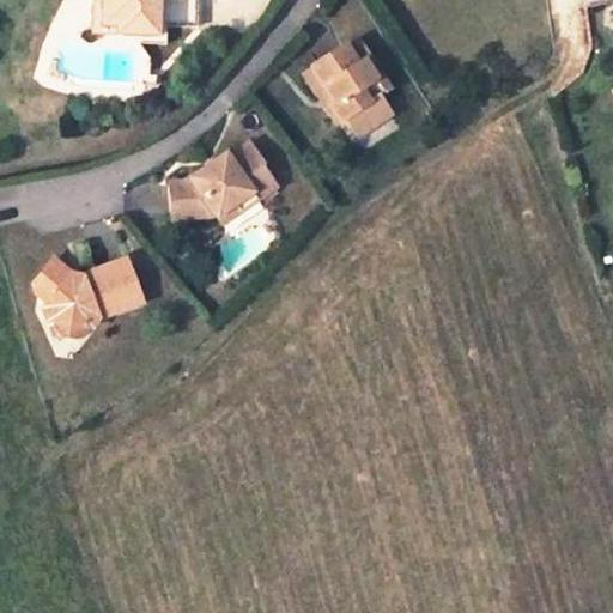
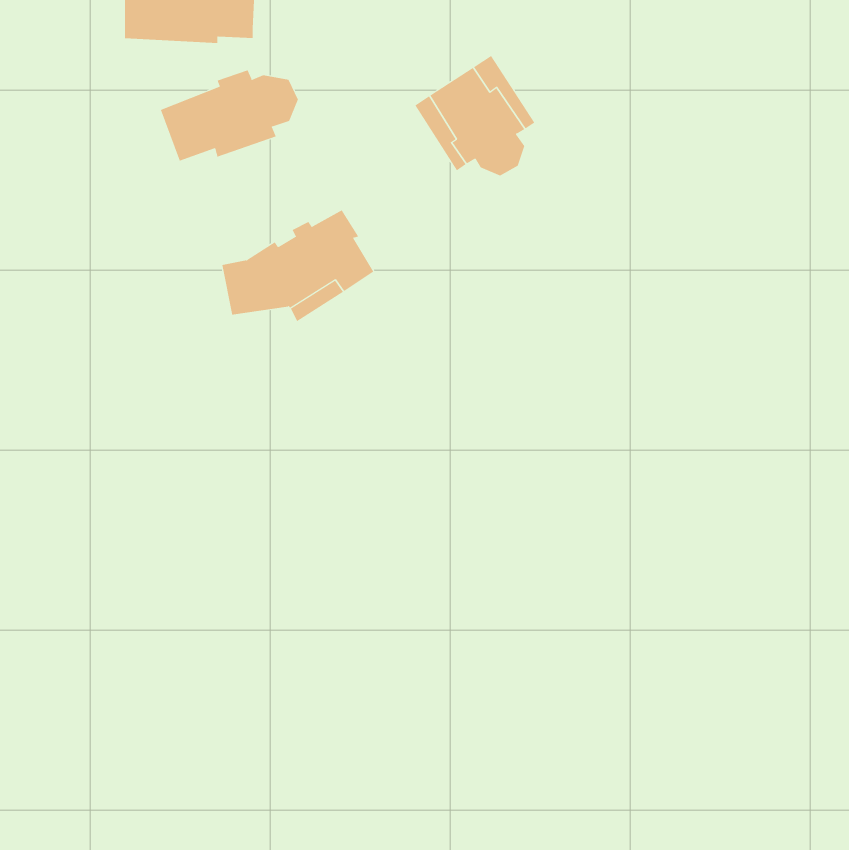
building: none -> [160,70,299,162]
building: [35,253,144,332] -> none

